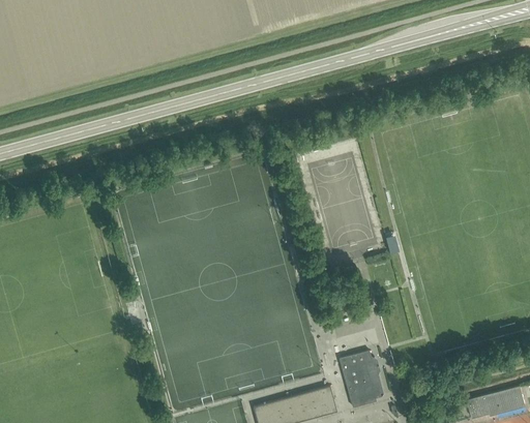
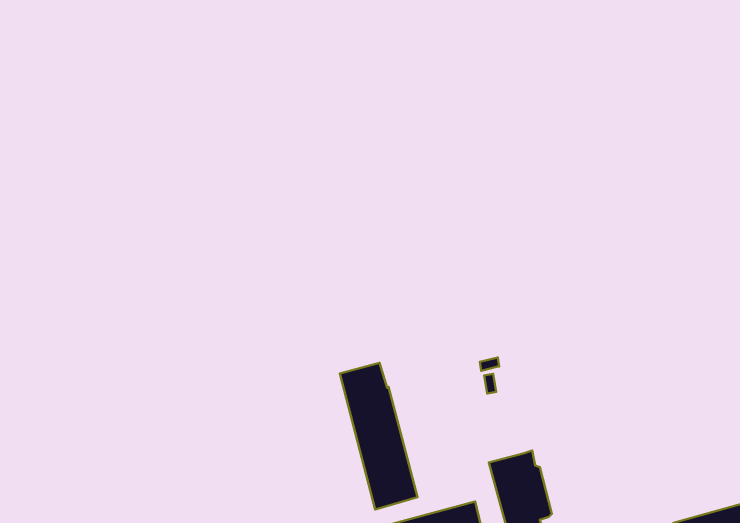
building: none -> [340,363,418,509]

